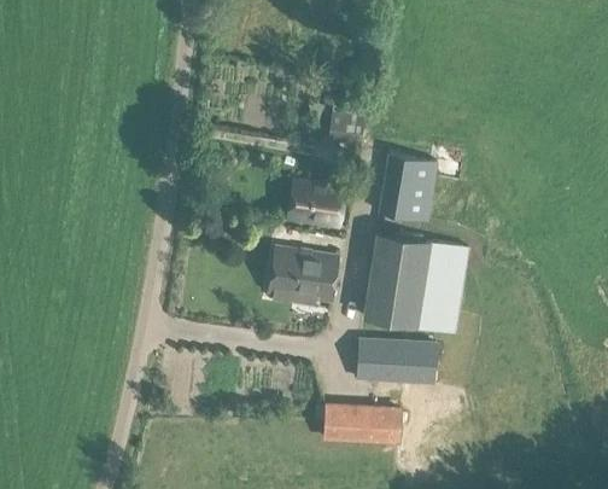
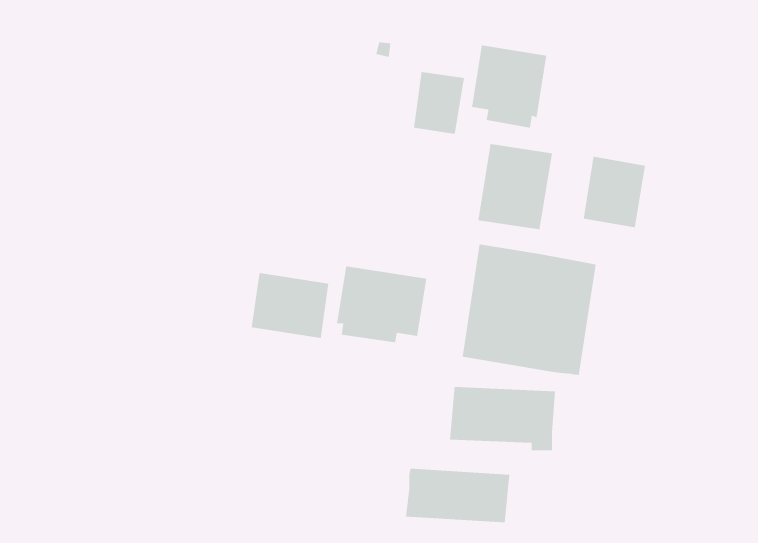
building: none -> [472,45,547,128]
building: none -> [583,156,645,228]
building: [286,179,346,229] -> [251,273,329,338]

